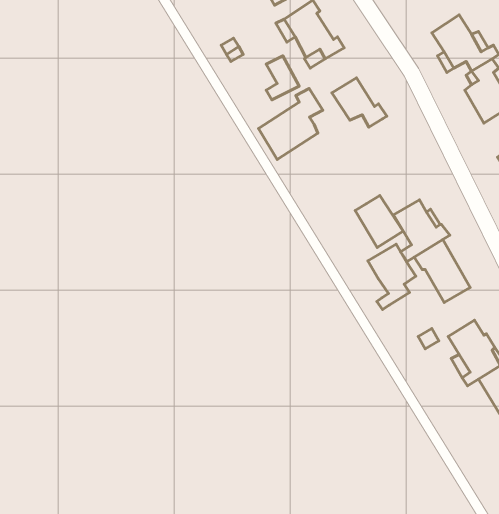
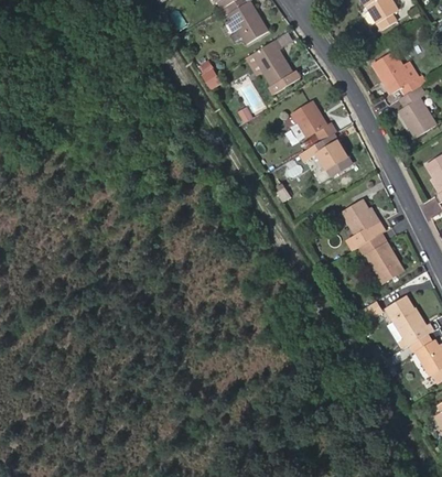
building: [259,88,323,160] -> none
building: [355,195,403,247] -> [312,134,351,176]
building: [368,244,416,310] -> none

